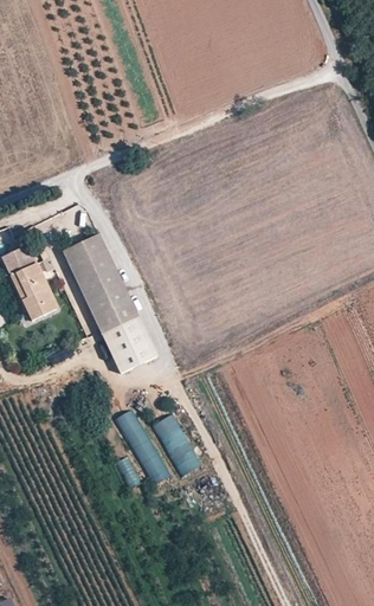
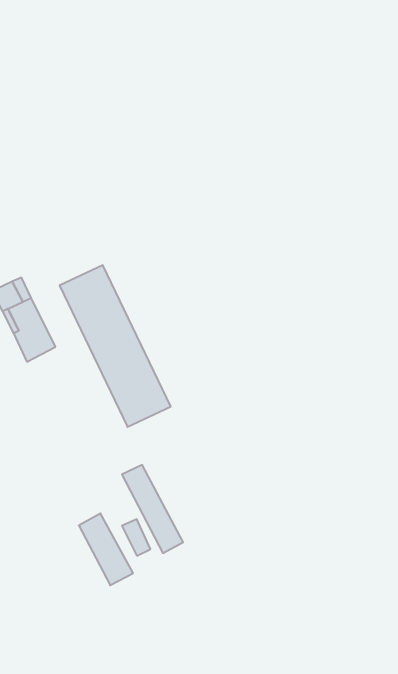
building: [153,412,200,475] -> [79,513,133,585]

